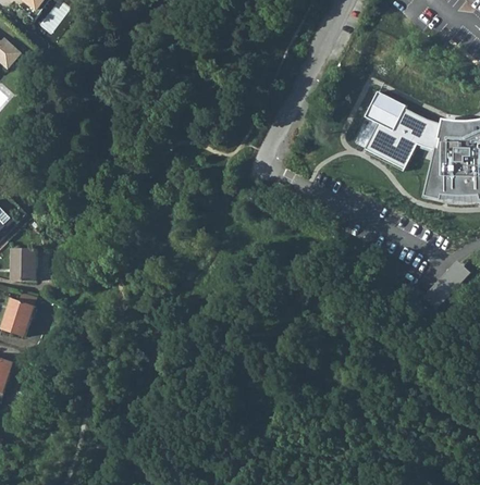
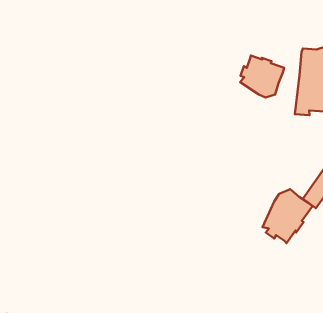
building: [367,91,443,151] -> none
building: none -> [262,189,312,243]

